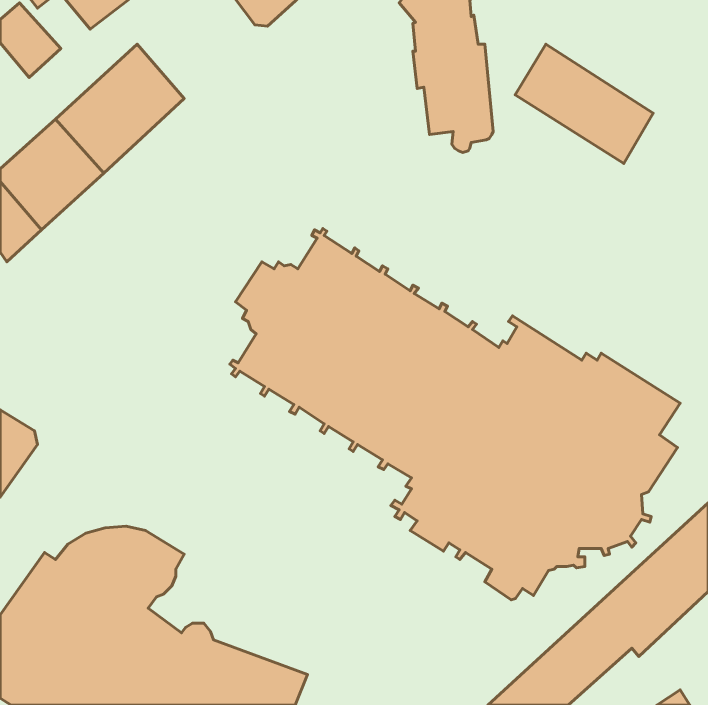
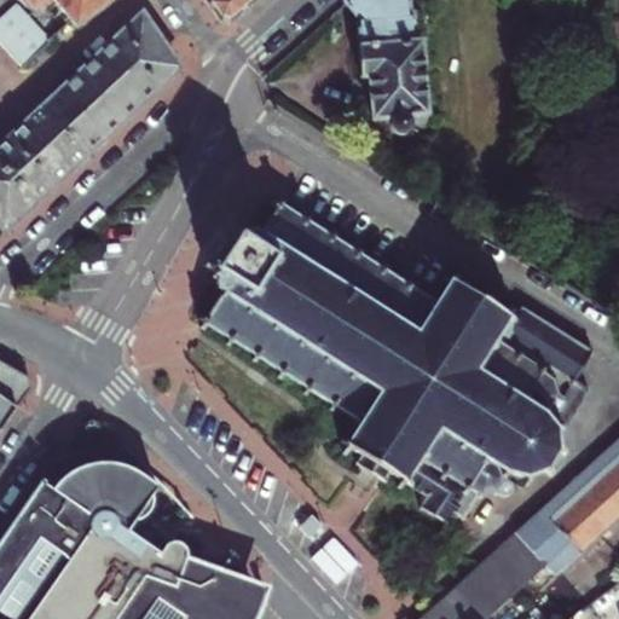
building: none -> [120,15,181,86]
building: [515,44,653,163] -> none

